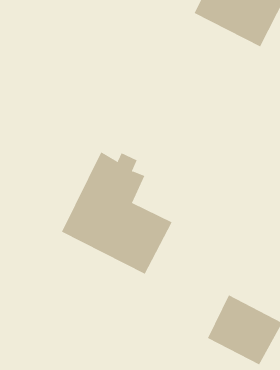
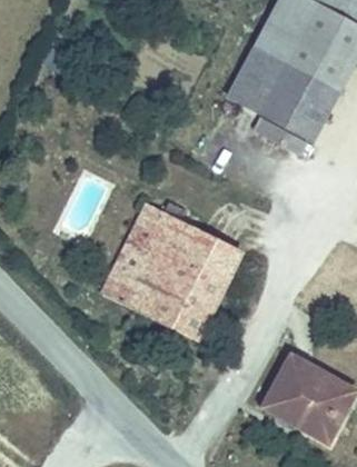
building: none -> [230,40,331,131]
building: none -> [185,227,245,280]

